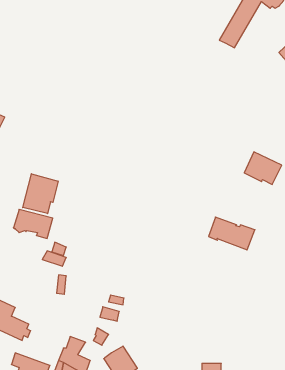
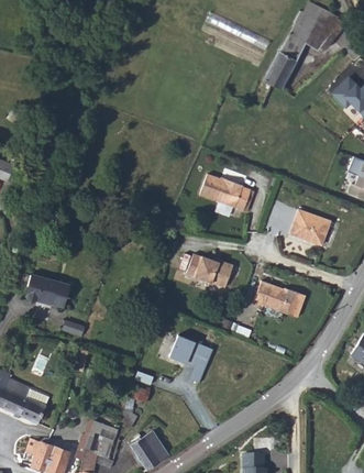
building: none -> [199,173,251,210]
building: [23,174,58,214] -> none
building: none -> [185,254,232,287]
building: none -> [173,337,216,385]

